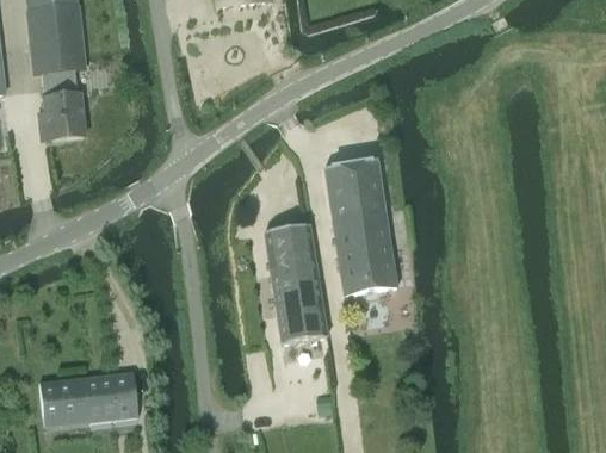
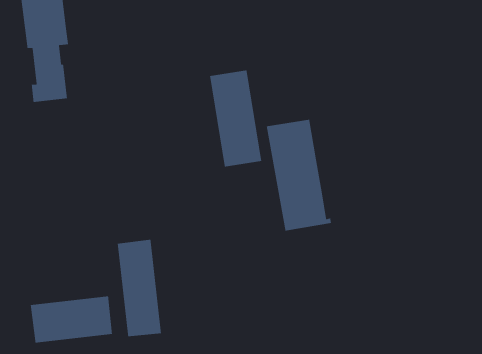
building: [264,224,327,341] -> [209,70,262,168]
building: none -> [117,239,162,337]

